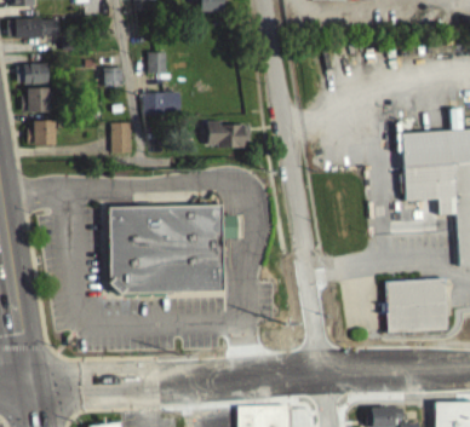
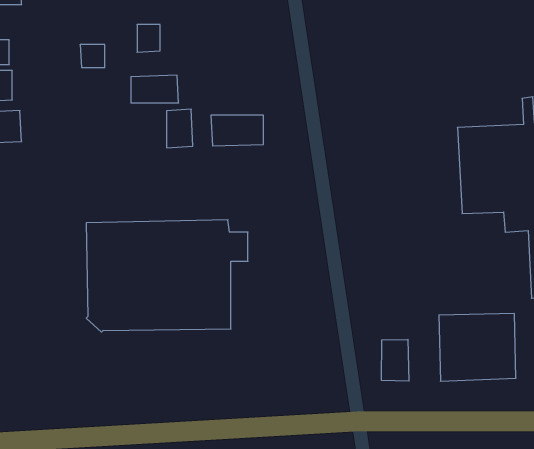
building: [111,122,132,152] -> [167,109,193,148]
building: none -> [381,339,409,381]

